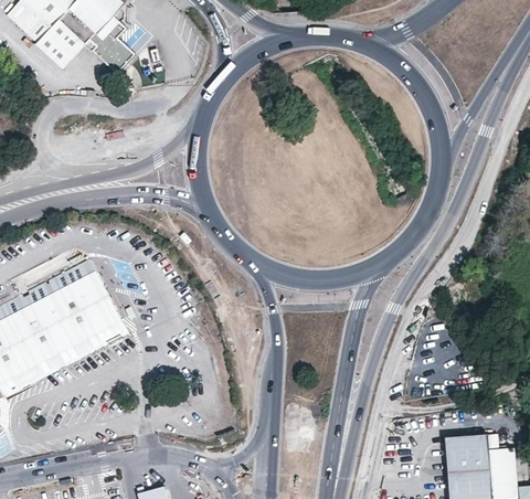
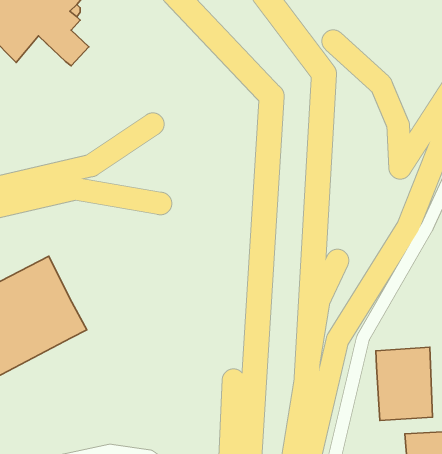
building: none -> [376,347,432,421]

